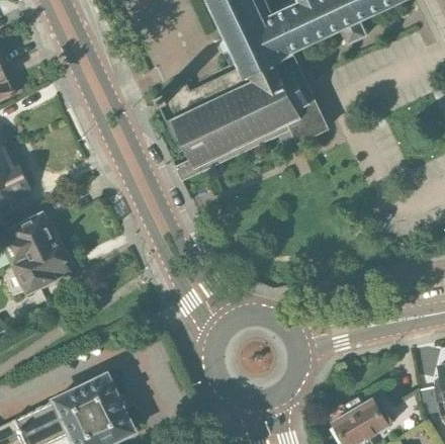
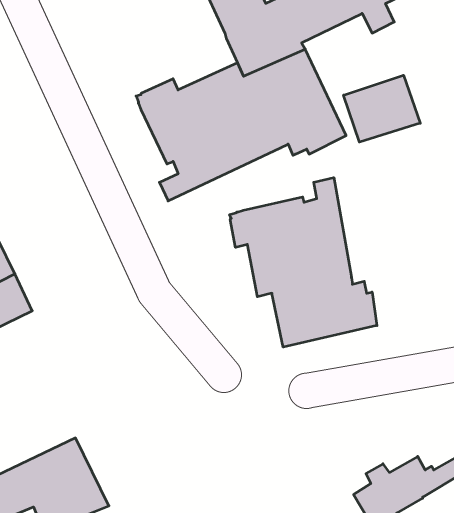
building: none -> [344,75,420,142]
building: none -> [230,178,377,347]

